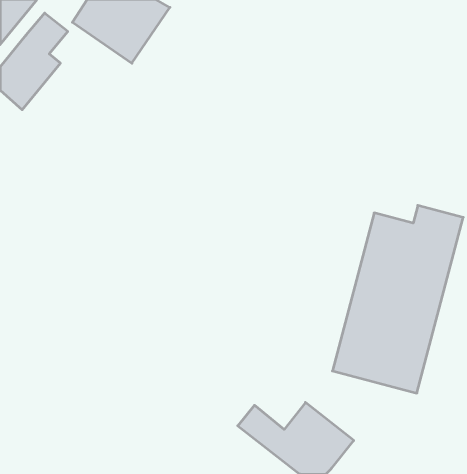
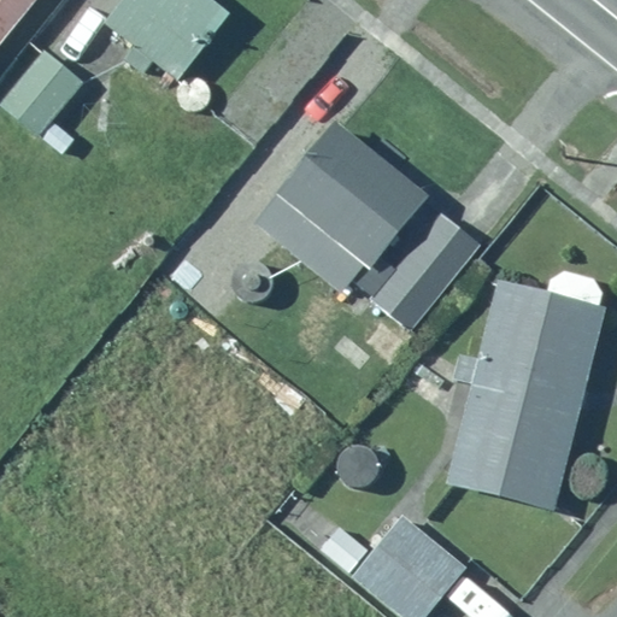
building: none -> [278,121,478,331]

